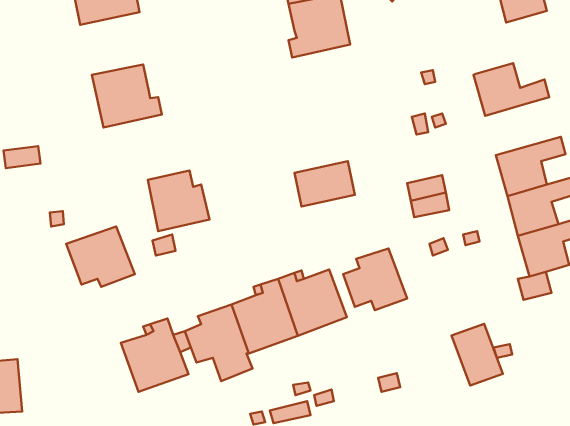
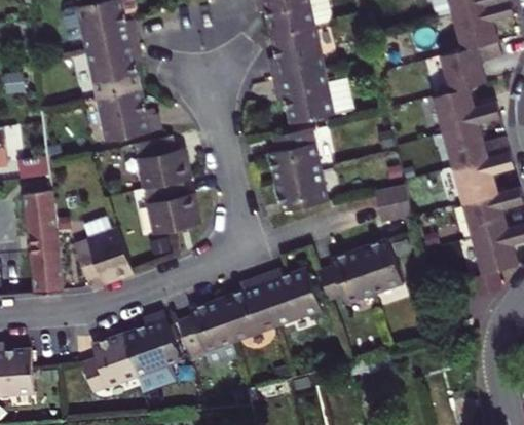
building: none -> [425,41,501,96]
building: none -> [85,42,141,98]
building: none -> [272,67,351,125]
building: none -> [443,123,510,168]
building: none -> [268,129,322,184]
building: none -> [135,138,190,190]
building: none -> [23,191,63,294]
building: [452,324,503,386] -> [358,240,403,295]
building: none -> [82,334,137,393]

